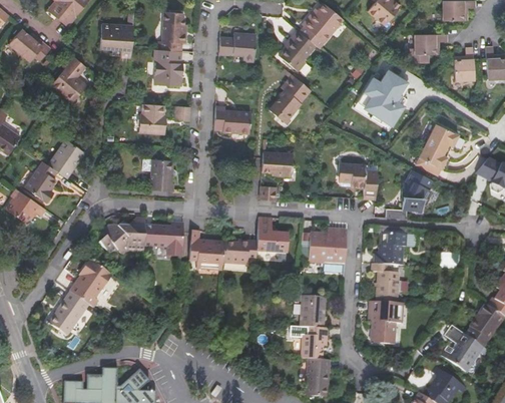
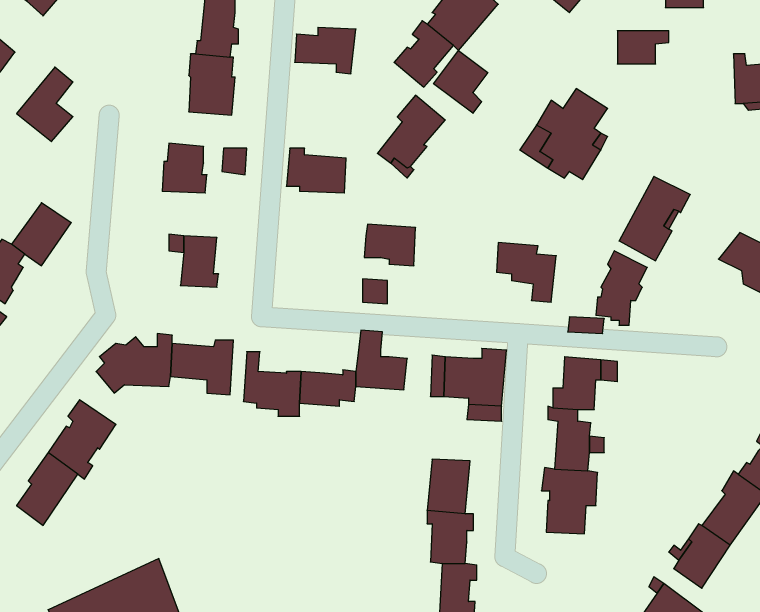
building: [99,24,132,58] -> none
building: none -> [434,51,488,113]
building: [453,50,474,81] -> none

